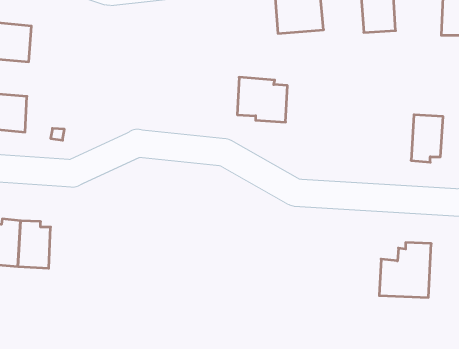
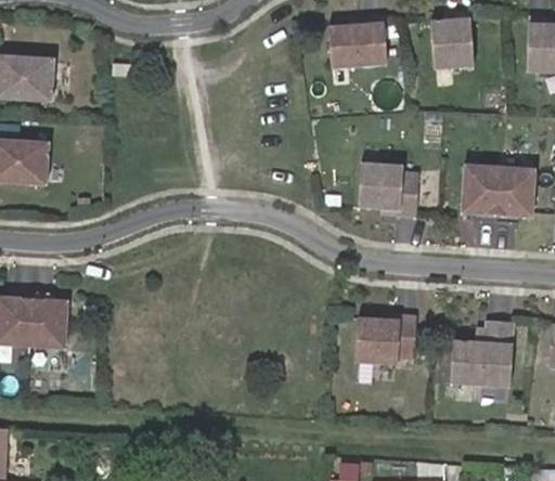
building: [237,77,287,122] -> [362,164,422,217]
building: none -> [457,165,496,221]
building: none -> [360,313,421,363]

